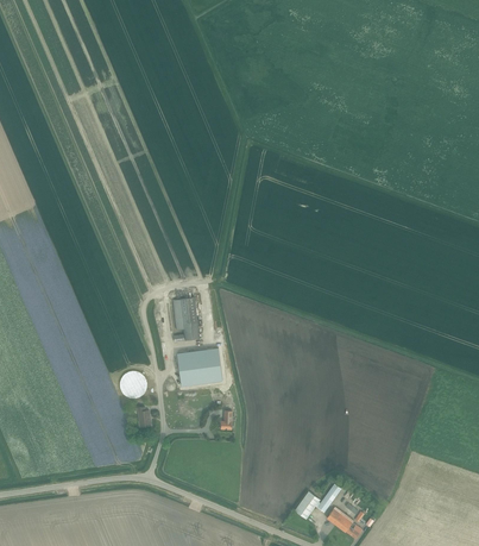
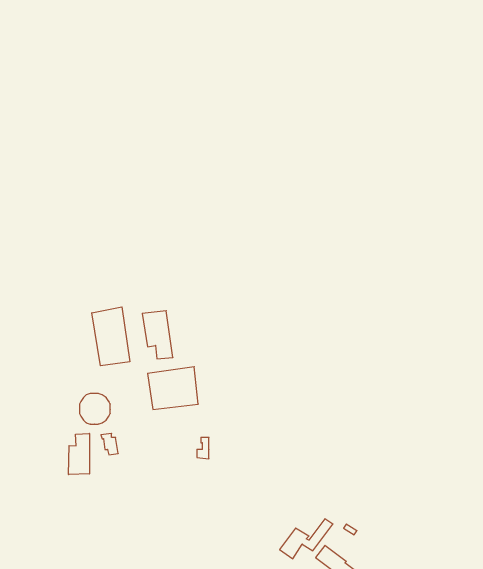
building: none -> [92,307,130,366]
building: none -> [69,433,89,475]

